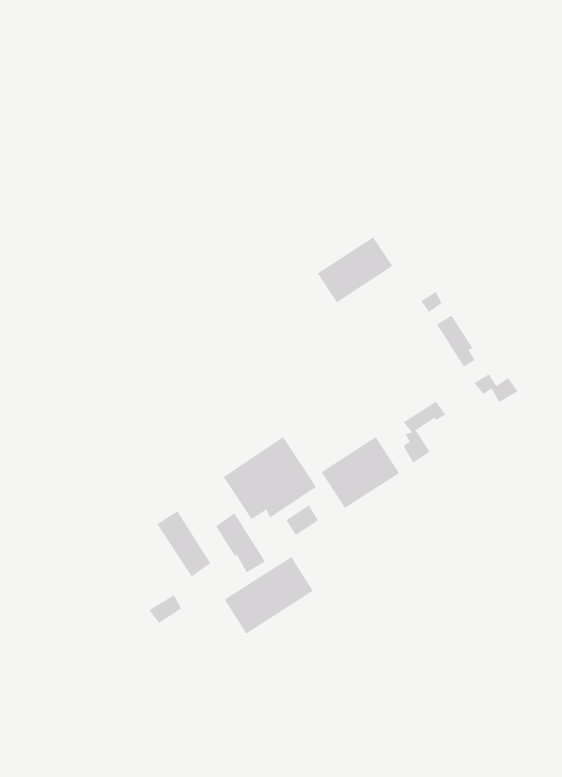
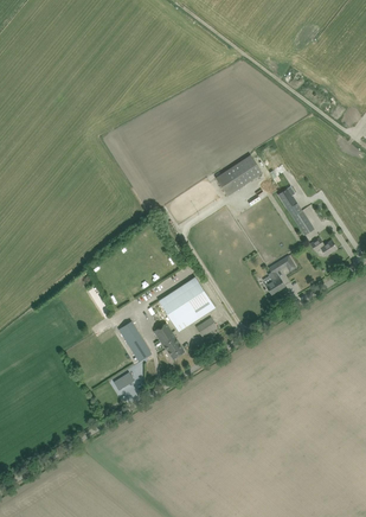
building: [321,436,400,509] -> none
building: [224,556,314,634] -> none

